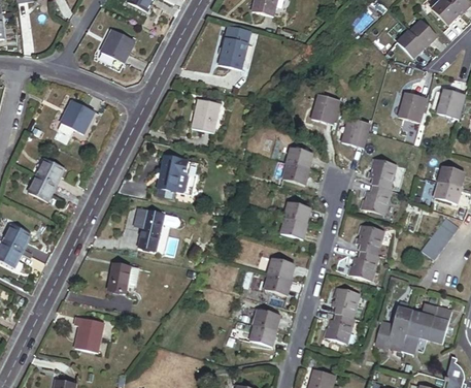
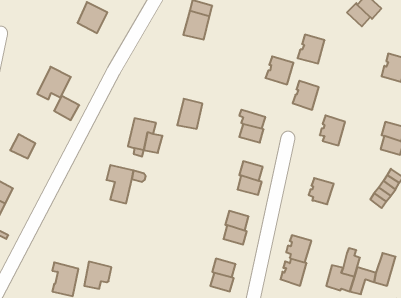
building: [399,94,429,126] -> [297,35,325,64]
building: [192,99,220,132] -> [177,99,202,129]
building: [37,158,65,185] -> [54,96,79,120]
building: [363,183,392,211] -> none
building: [349,248,379,279] -> none
building: [108,263,138,293] -> [84,262,111,289]
building: [410,301,438,327] -> none

